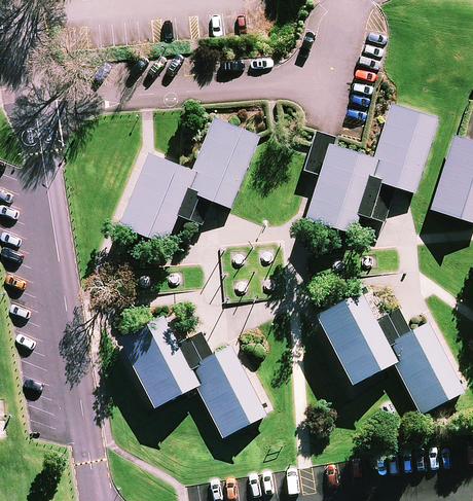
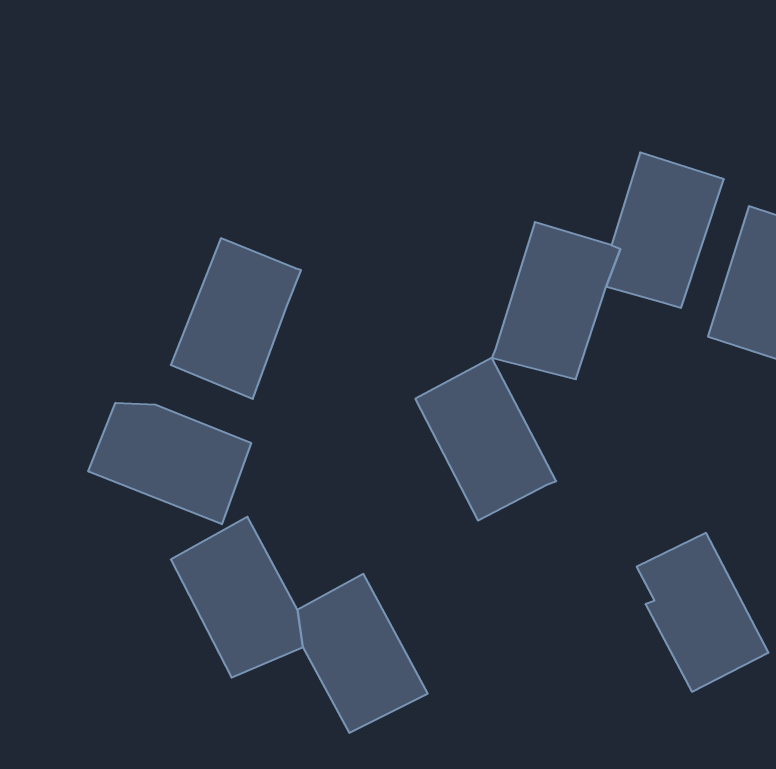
building: [187,116,260,207] -> none
building: none -> [88,403,251,524]
building: [318,290,399,384] -> [415,358,556,520]

